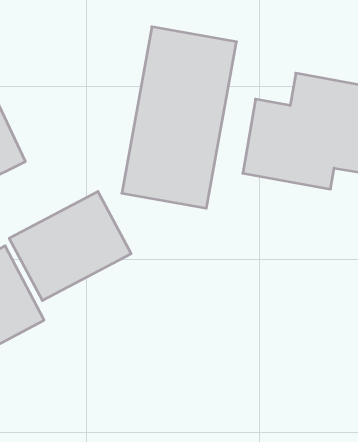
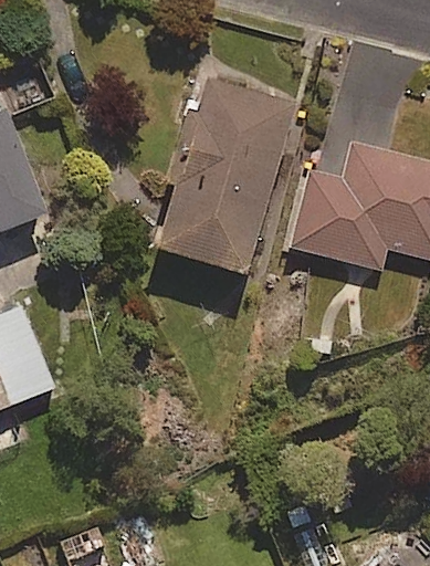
building: [9,191,131,301] -> none

